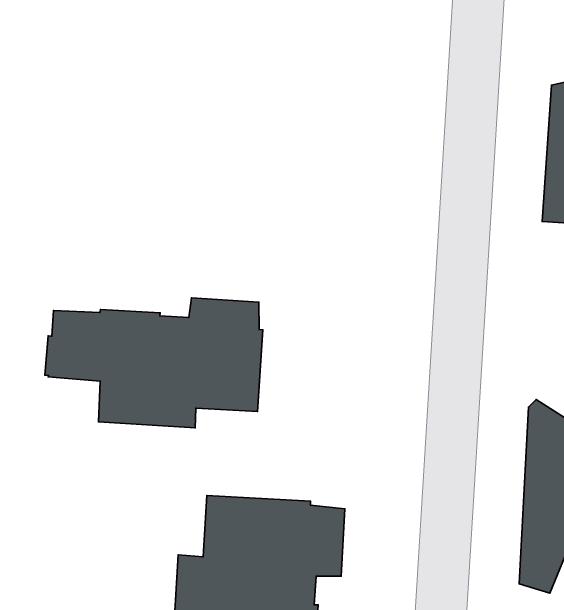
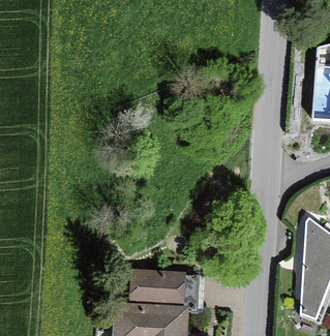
building: [45,298,263,428] -> none

